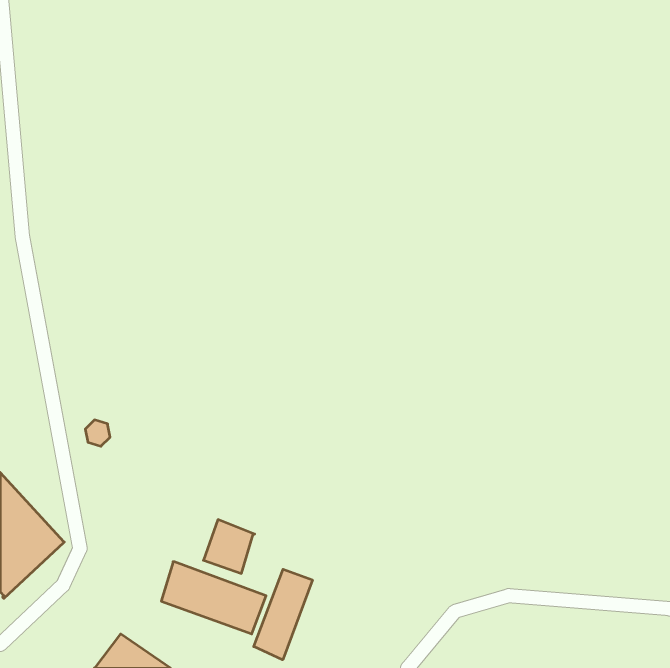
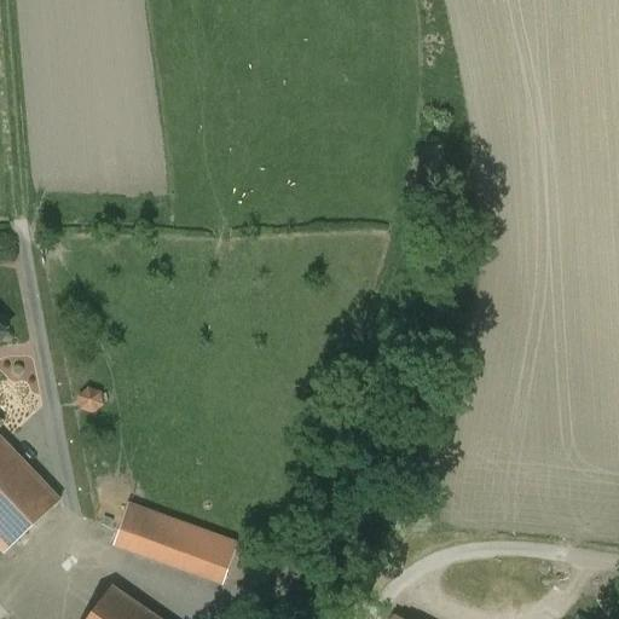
building: [203,520,255,573] -> [114,504,161,554]
building: [254,569,312,660] -> none

